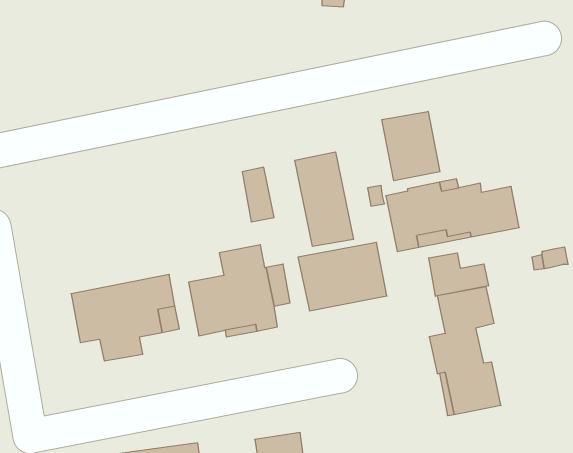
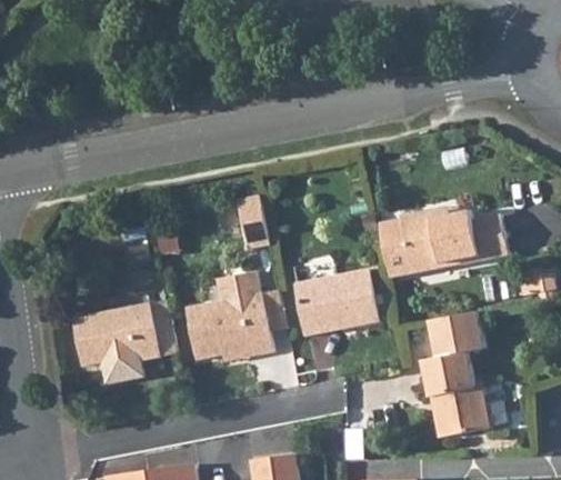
building: [382,111,440,181] -> none
building: [295,152,354,246] -> none
building: [429,253,488,296] -> none

